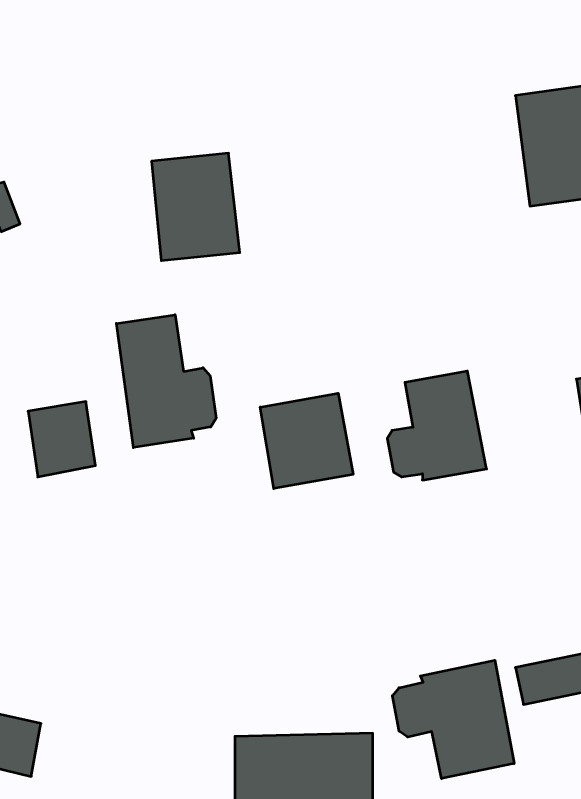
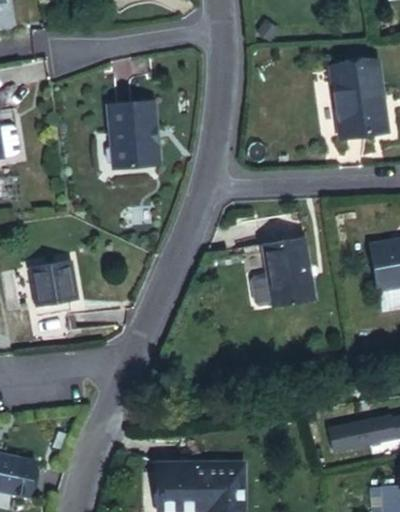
building: [116,315,216,448] -> none
building: [260,393,353,489] -> none
building: [392,660,514,779] -> none

